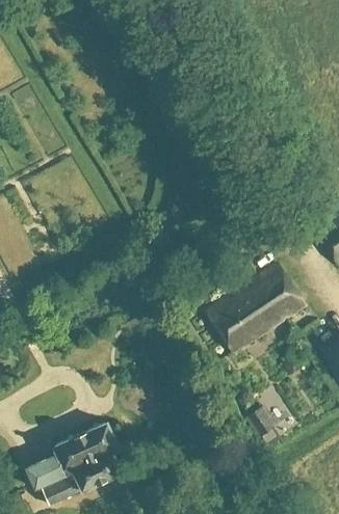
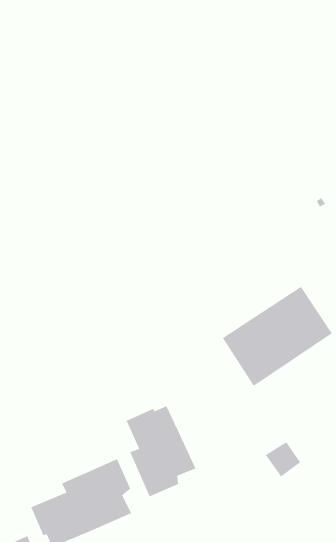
building: none -> [125,405,196,497]

